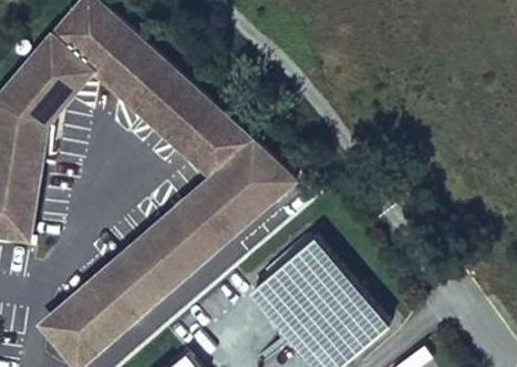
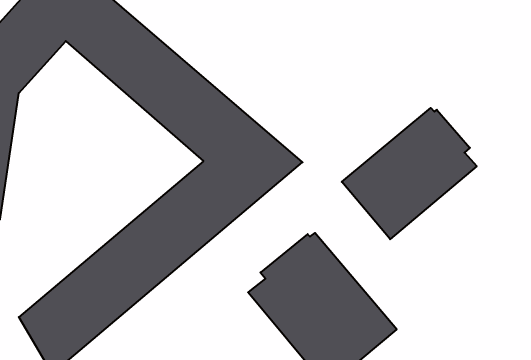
building: none -> [342,108,477,239]

